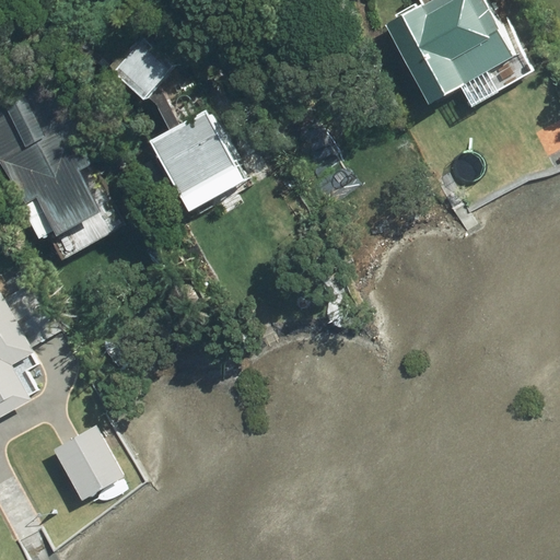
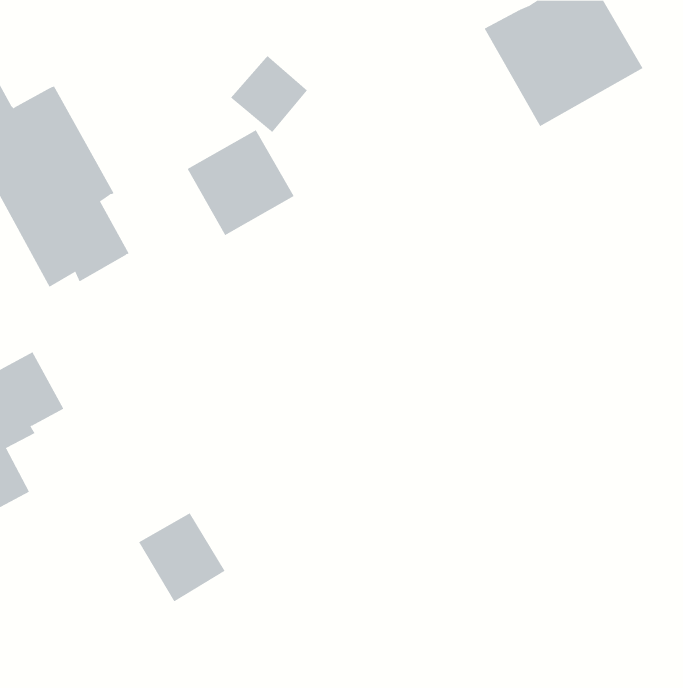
building: [112,35,174,97] -> [230,55,308,133]
building: [49,431,119,503] -> [138,512,225,602]

